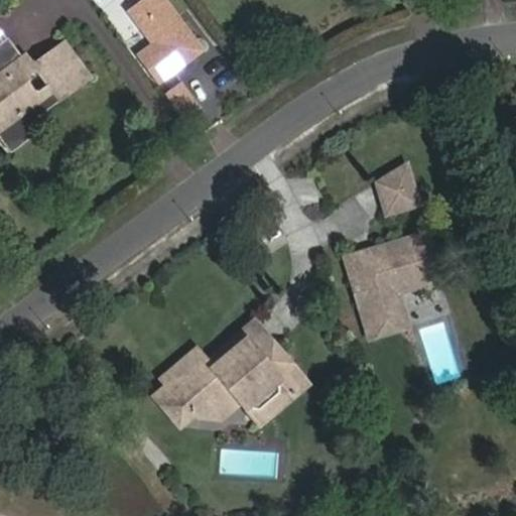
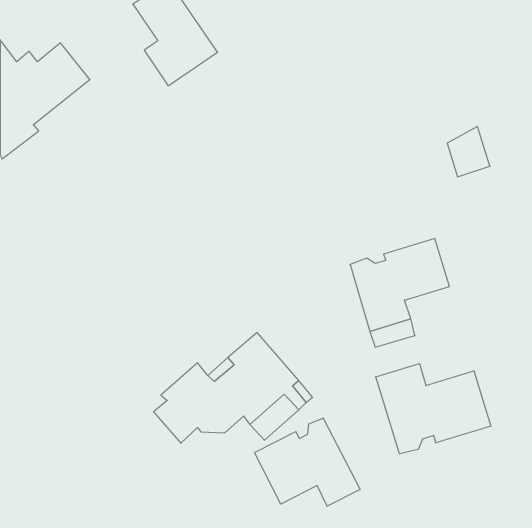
building: [372,163,413,212] -> [447,127,490,177]
building: none -> [376,364,491,454]
building: none -> [255,418,360,506]

